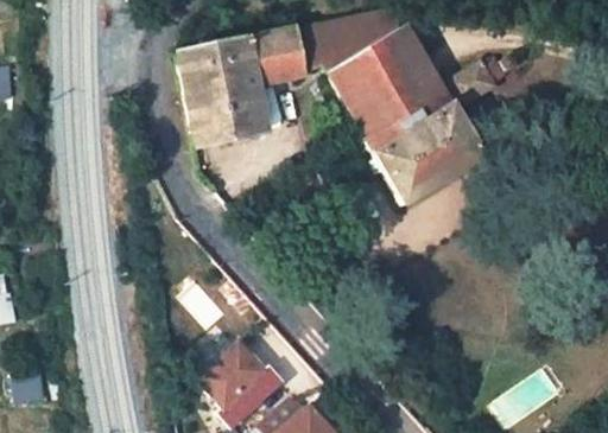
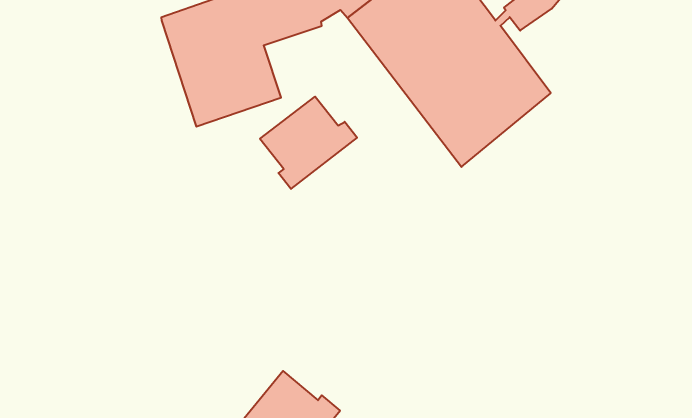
building: none -> [260,97,357,189]

